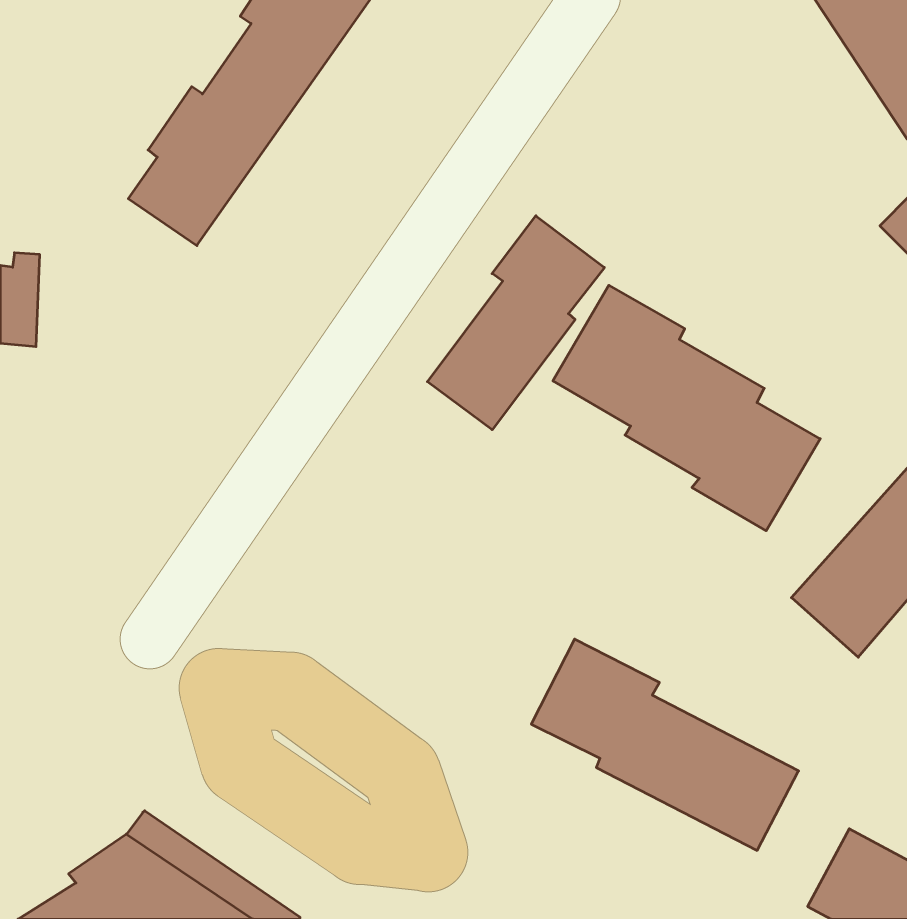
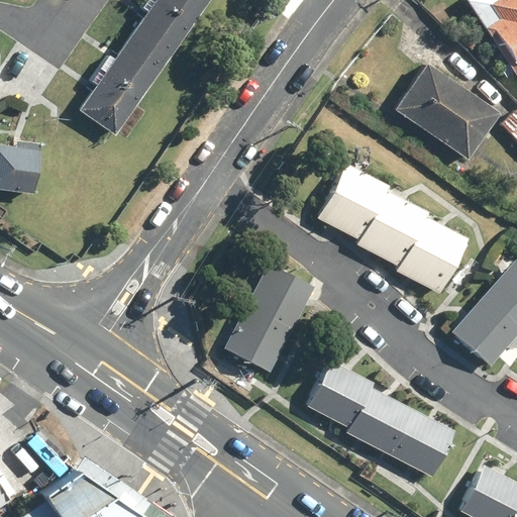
building: none -> [393,63,499,159]
building: [427,216,604,430] -> none
building: none -> [222,262,316,375]

